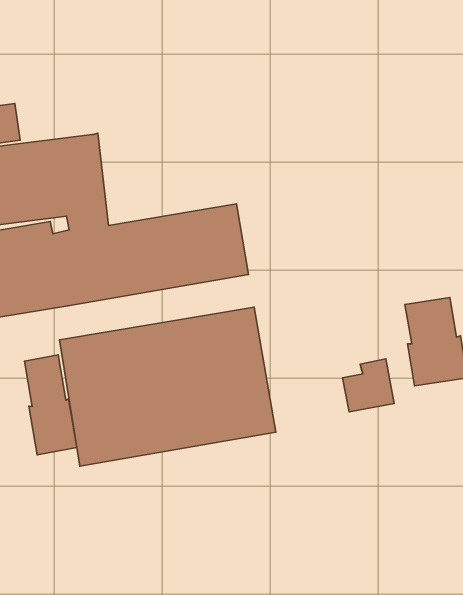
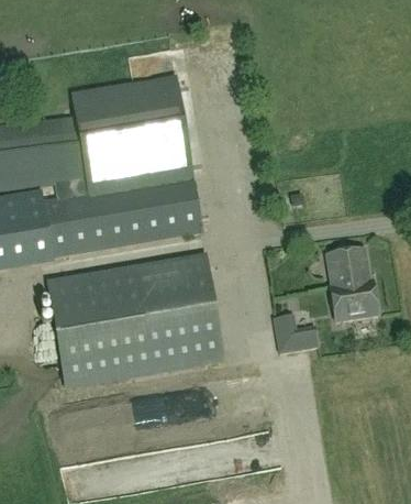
building: none -> [73,78,192,191]
building: [24,355,77,455] -> none

